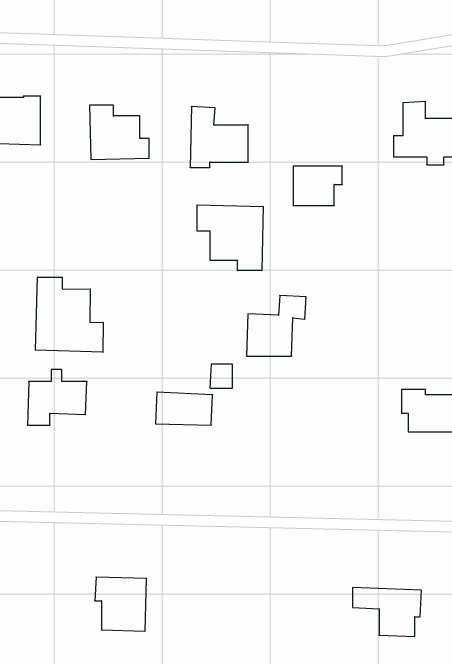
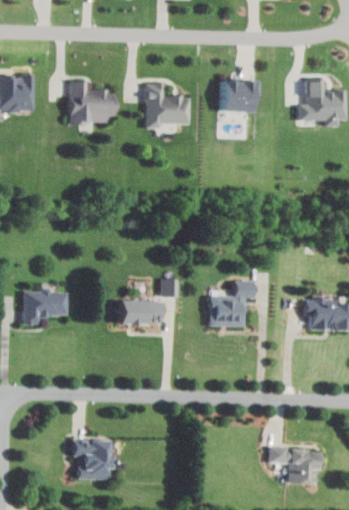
building: [293,166,342,206] -> [222,82,259,112]
building: [197,205,263,271] -> none
building: [35,277,103,352] -> none
building: [247,295,306,356] -> [209,280,254,326]

